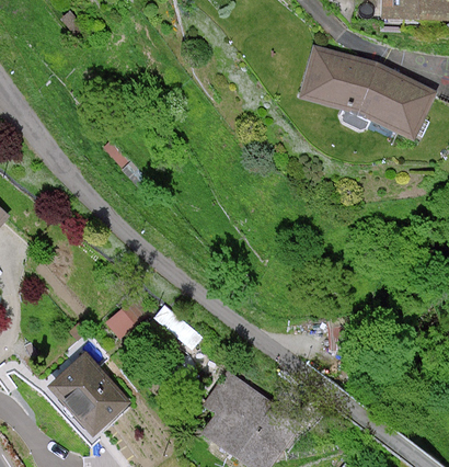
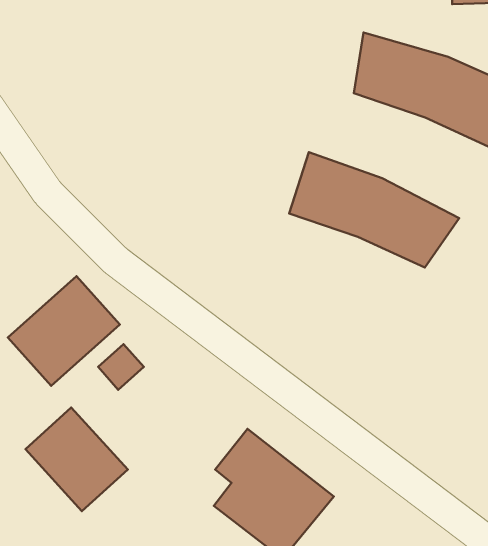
building: none -> [289,152,459,268]
building: none -> [8,276,120,386]

